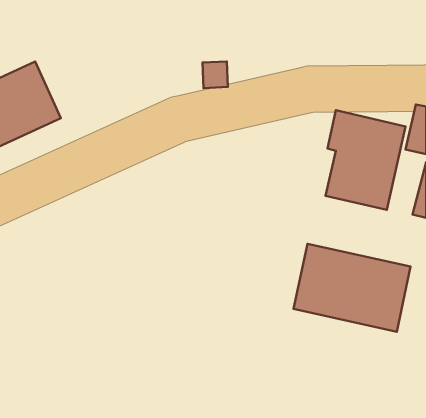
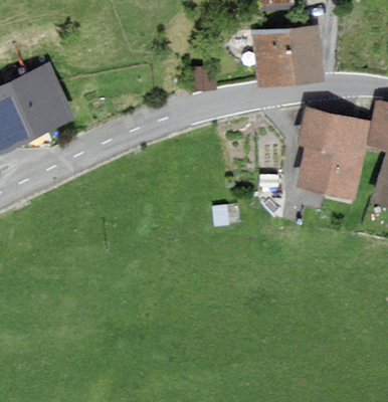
building: none -> [256,28,322,82]
building: [294,244,411,332] -> none

